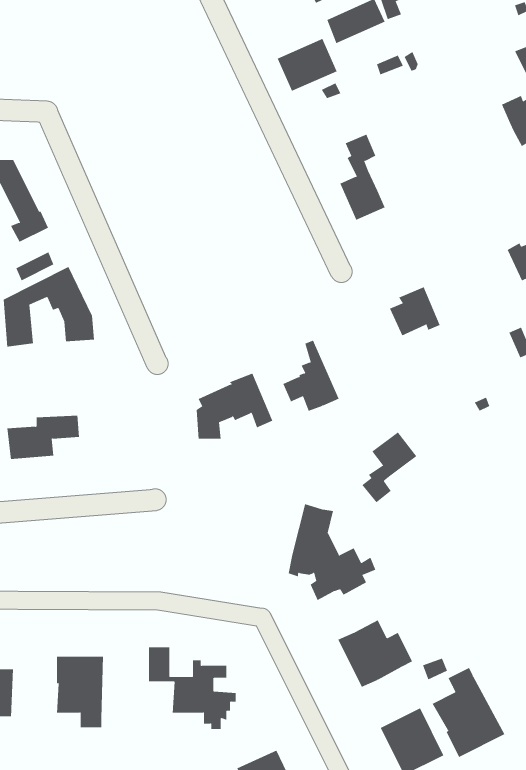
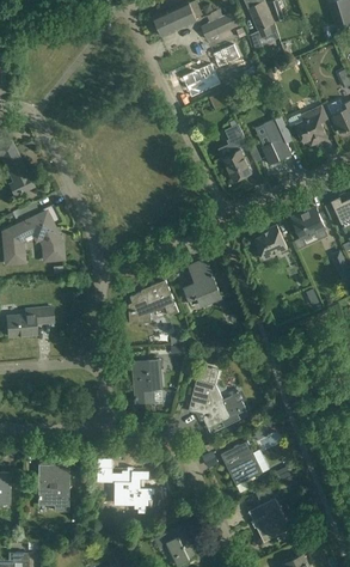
building: none -> [295,104,328,144]
building: none -> [262,115,294,164]
building: none -> [294,207,327,238]
building: [362,431,417,503] -> none
building: none -> [134,359,160,402]
building: [432,667,505,758] -> none

